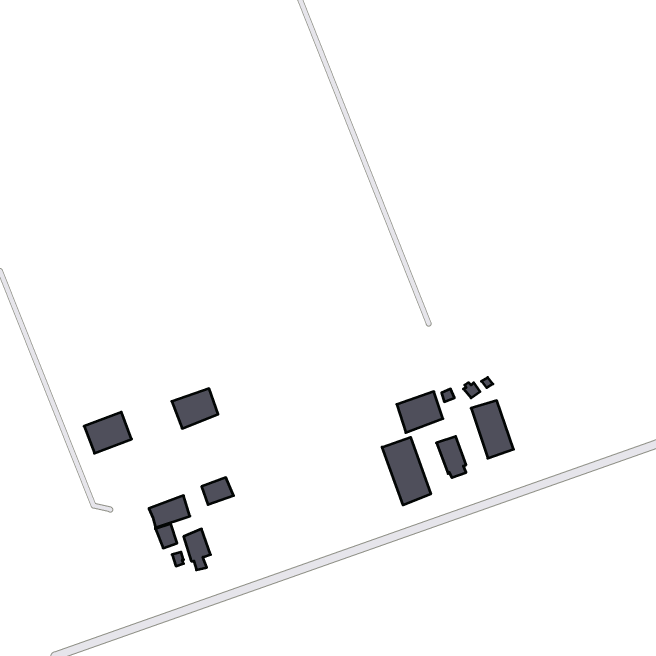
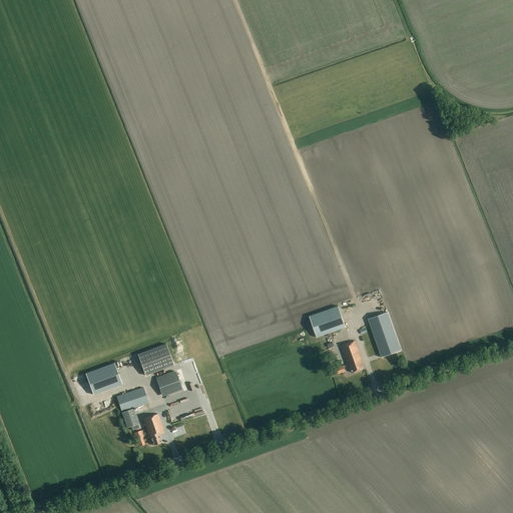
building: [172,389,218,428] -> [137,344,173,375]
building: [84,412,132,453] -> [85,363,122,395]
building: [382,437,431,505] -> none

